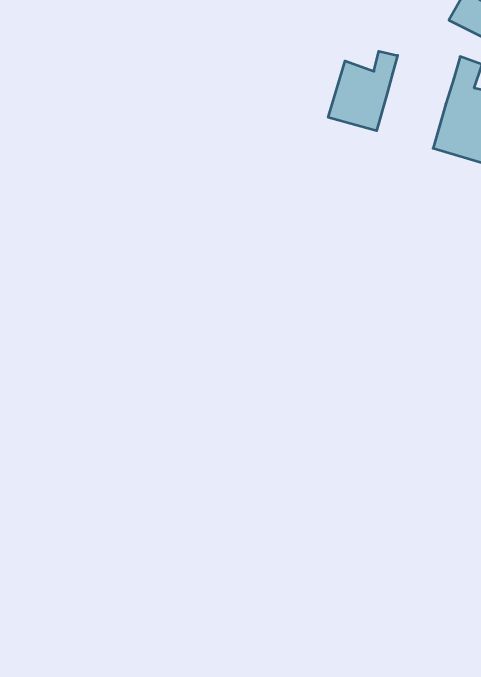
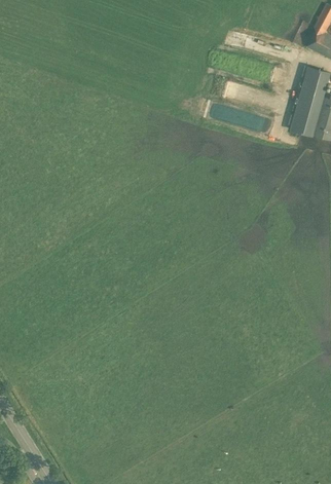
building: [328,51,398,131] -> none

